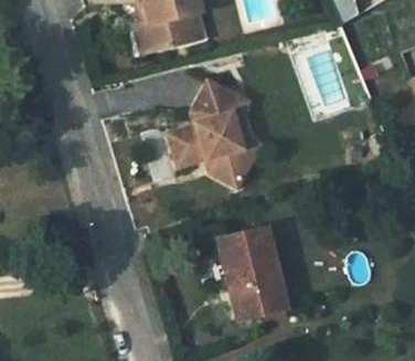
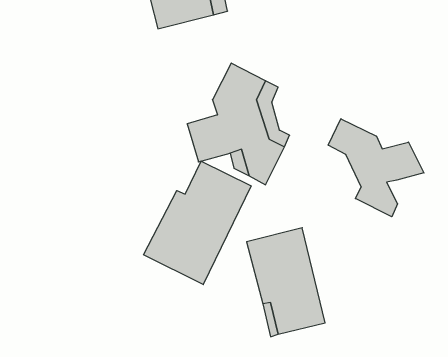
building: none -> [328,119,424,217]
building: none -> [144,161,251,285]

